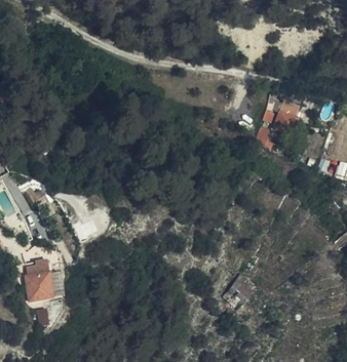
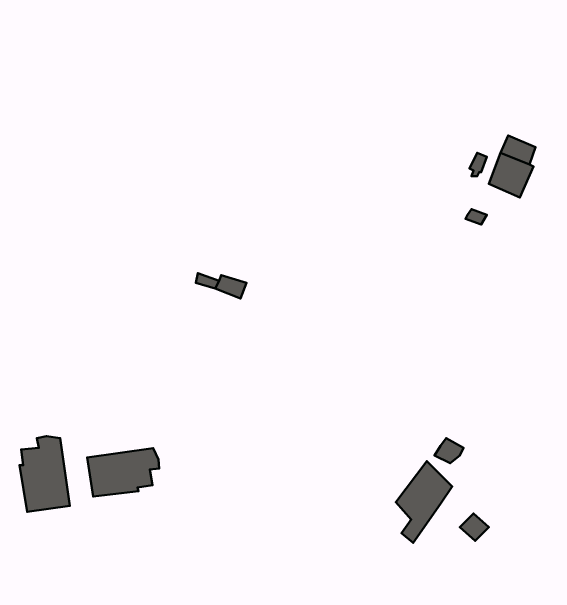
building: none -> [87,448,159,497]

